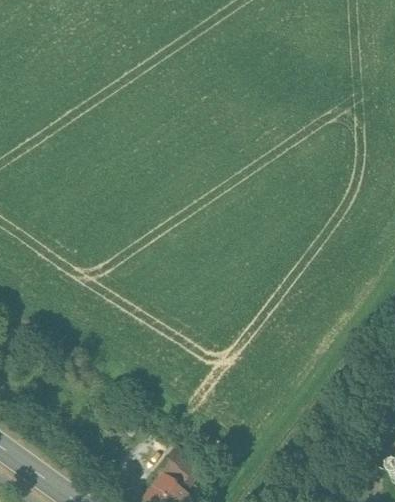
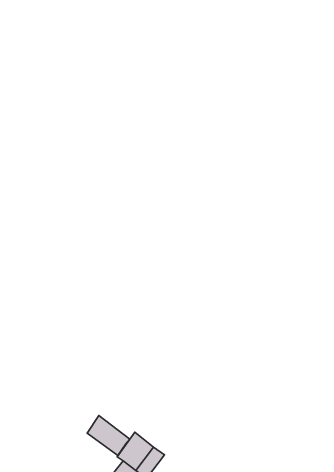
building: none -> [87,416,130,455]

